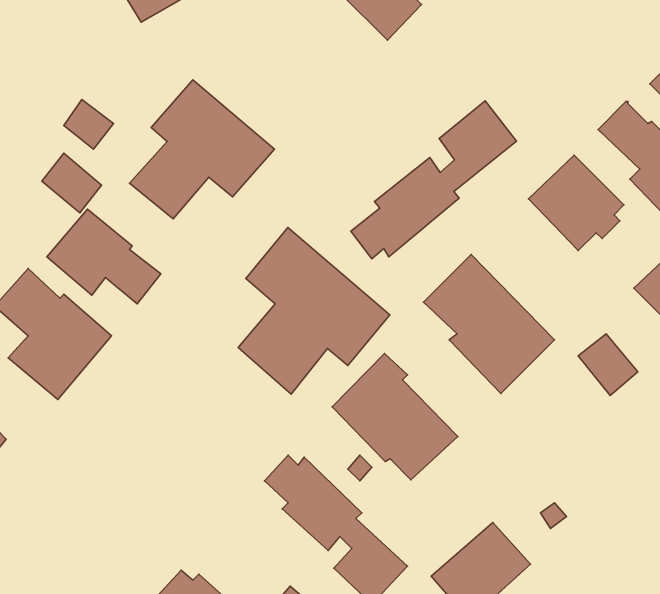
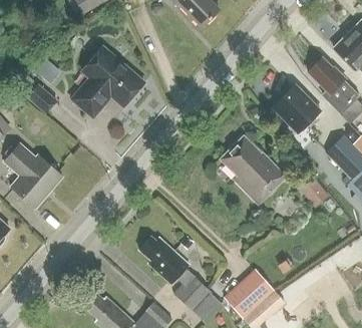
building: [351,101,516,259] -> none
building: [47,209,161,304] -> none
building: [238,228,390,394] -> none
building: [332,354,458,480] -> none

